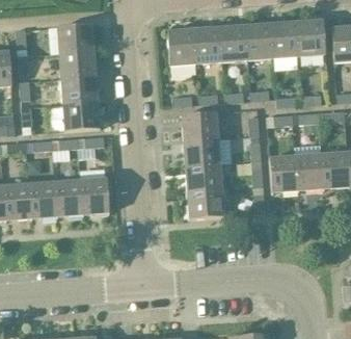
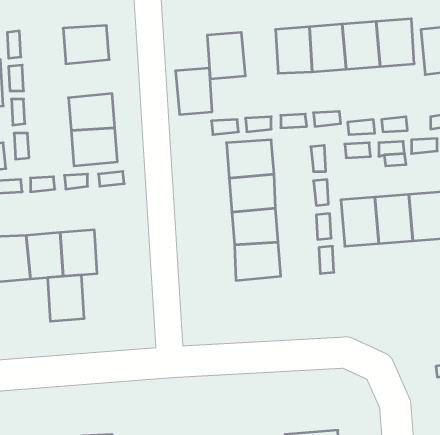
building: [193,28,221,63] -> [175,68,212,114]
building: [59,51,95,80] -> none
building: [81,179,109,214] -> [48,275,84,321]

